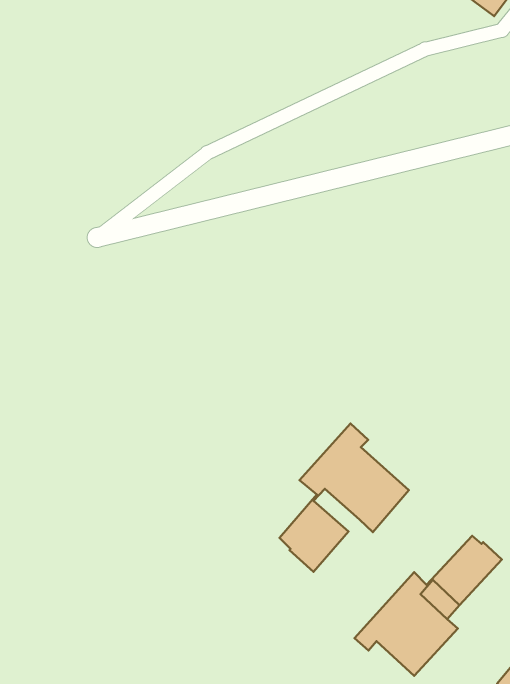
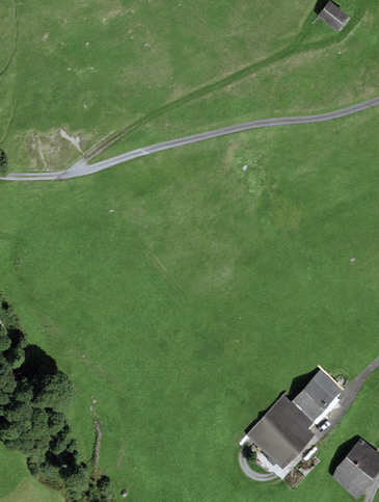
building: [279,424,409,572] -> none

